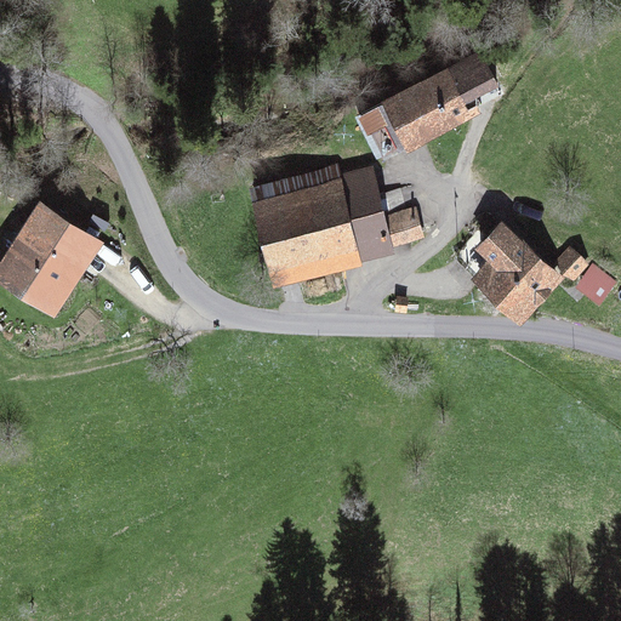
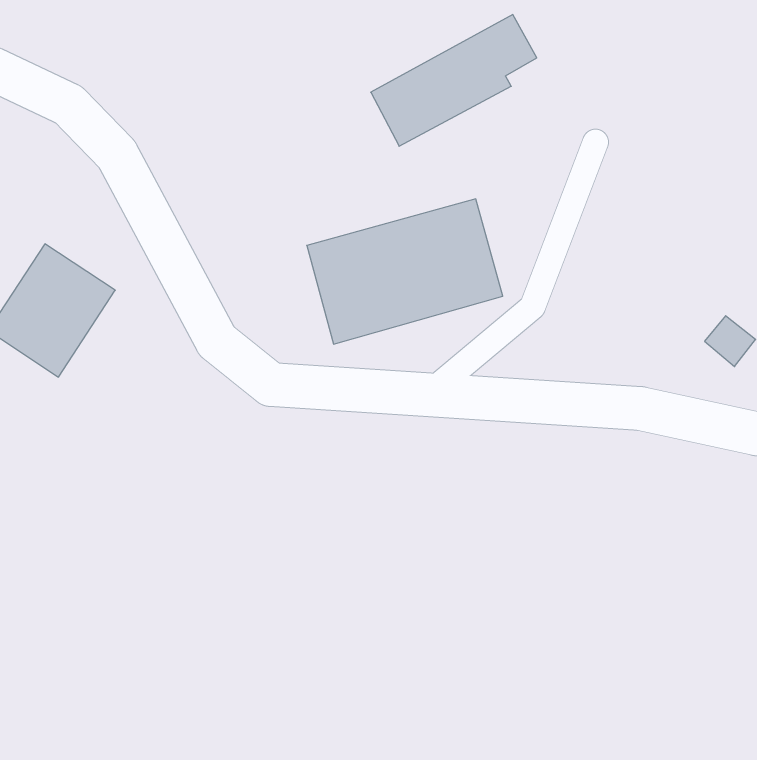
building: [357,57,491,164] -> [371,15,537,146]
building: [474,230,569,325] -> none

